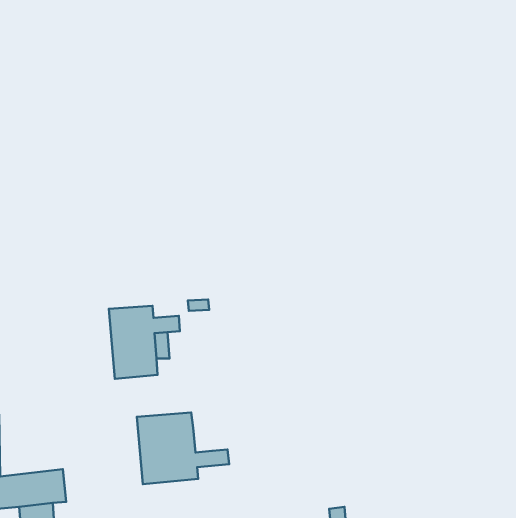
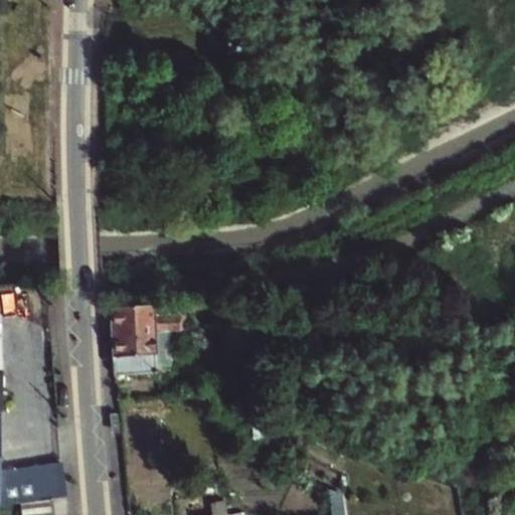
building: [137,412,229,484] -> none

